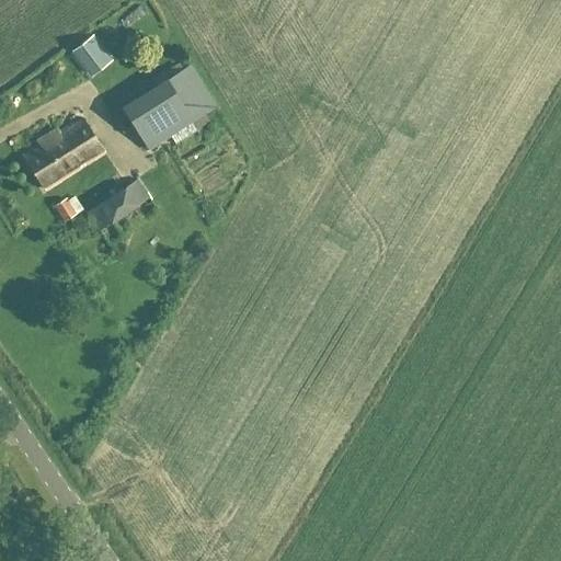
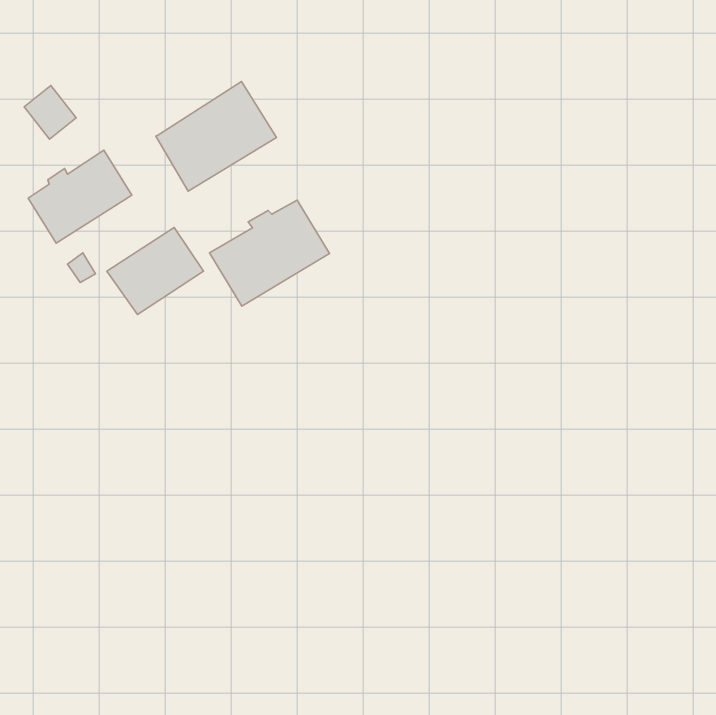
building: [71,34,112,76] -> [24,86,76,139]
building: none -> [210,200,329,306]

